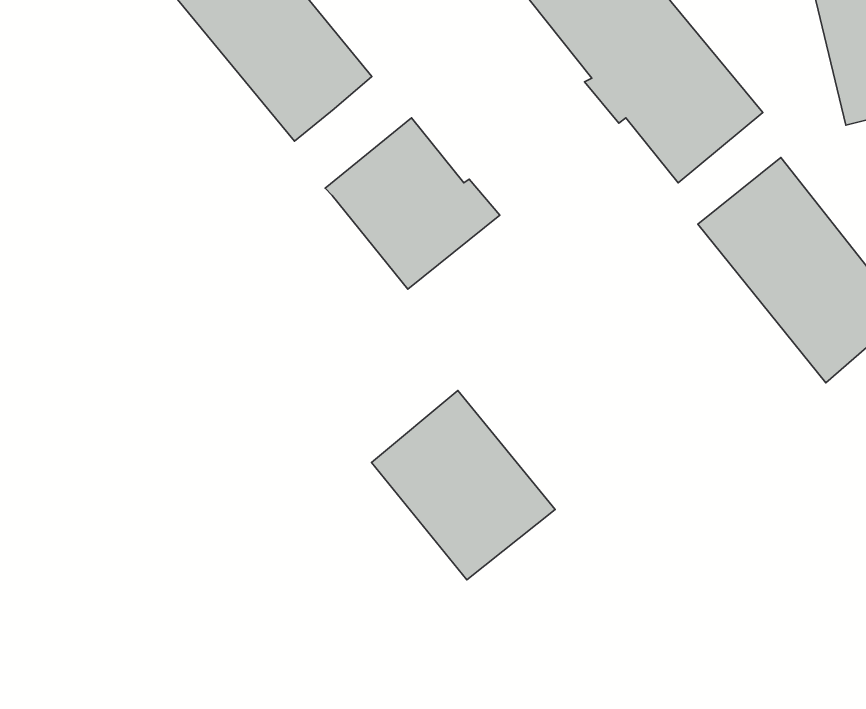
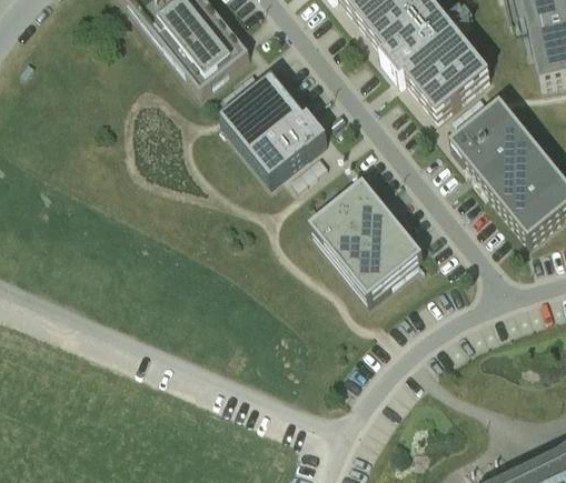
building: [371,391,555,580] -> [310,180,424,296]

